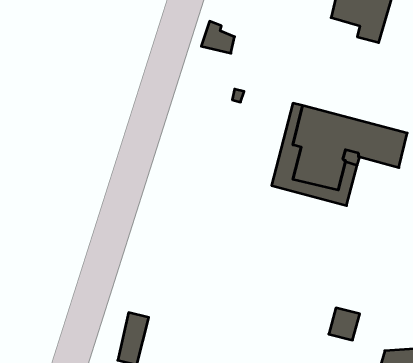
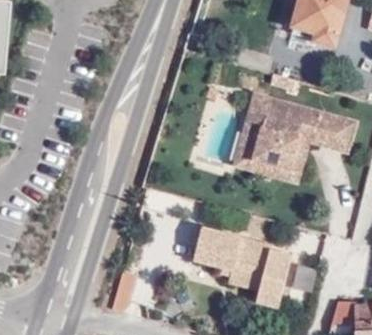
building: none -> [192,231,287,307]

